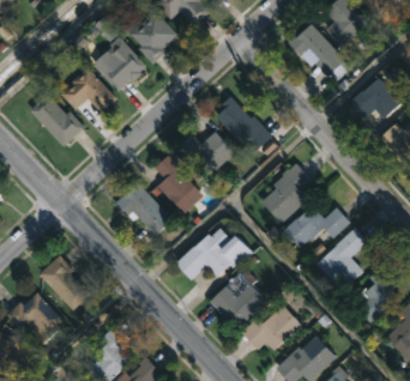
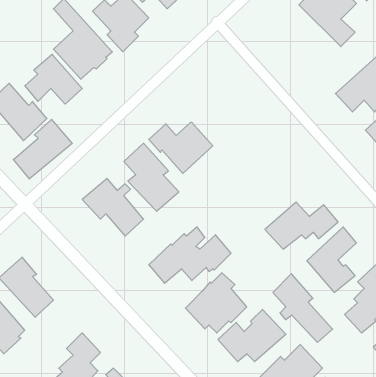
building: [289,24,350,81] -> none
building: [216,96,272,155] -> none
building: none -> [13,119,72,179]
building: [263,163,313,223] -> none
building: none -> [273,274,333,342]

